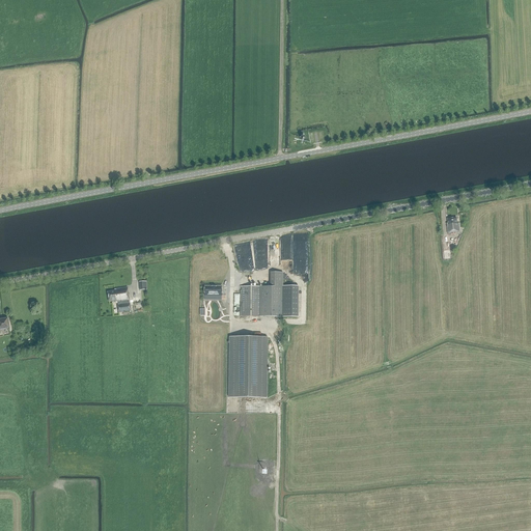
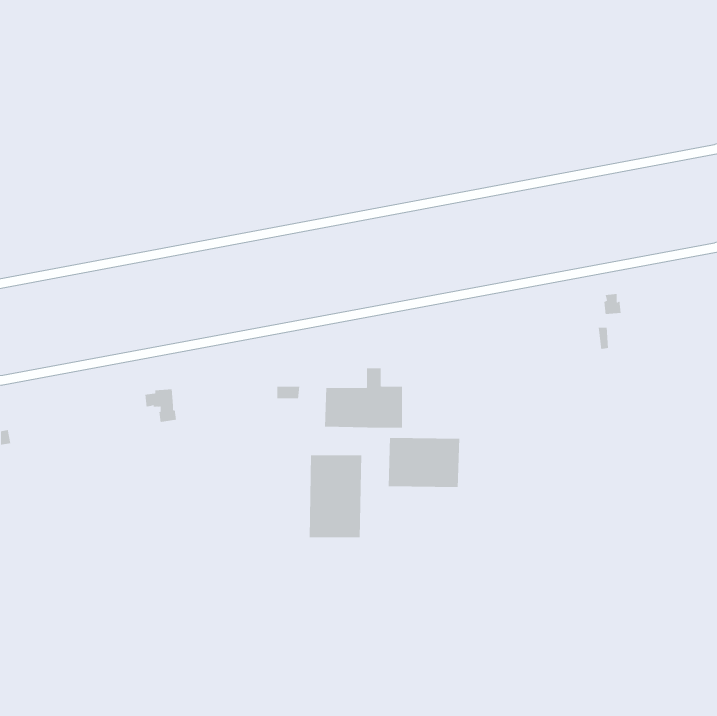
building: none -> [388,437,460,488]

